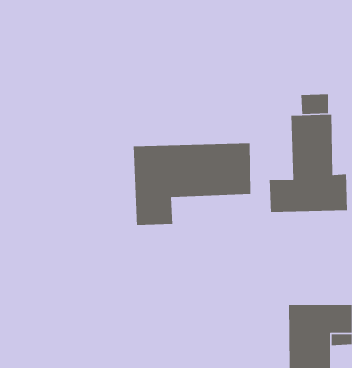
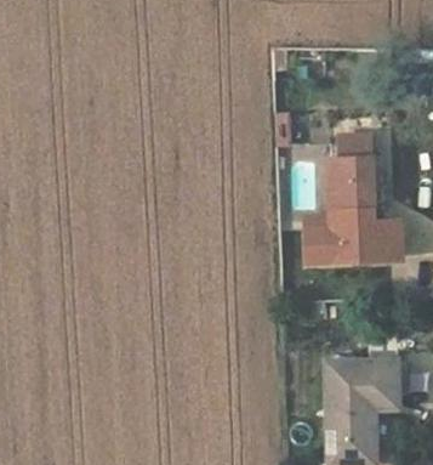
building: [133,142,251,226] -> none

